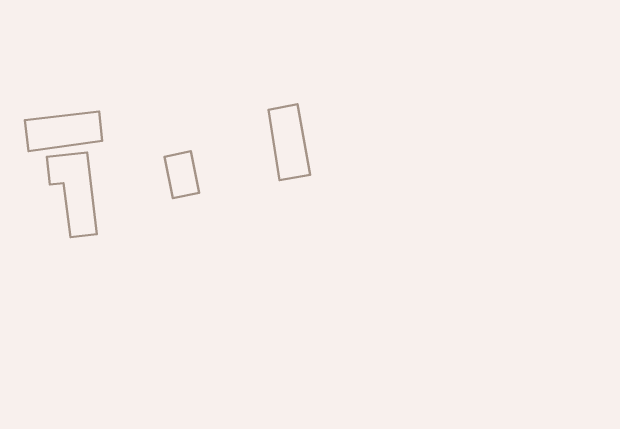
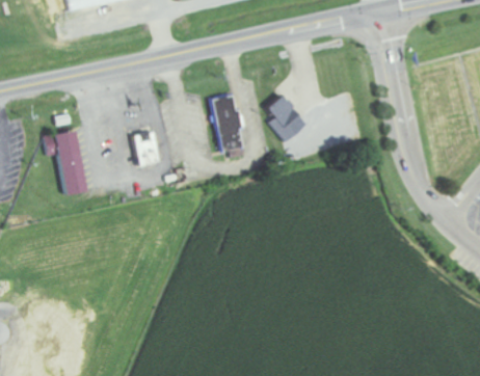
building: none -> [266,95,308,142]
building: [25,111,102,151] -> none

